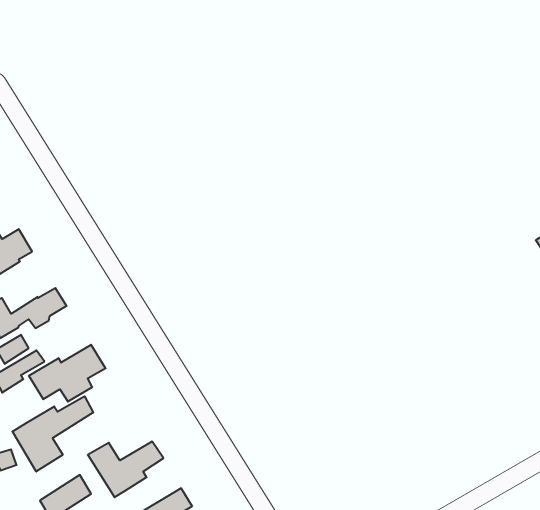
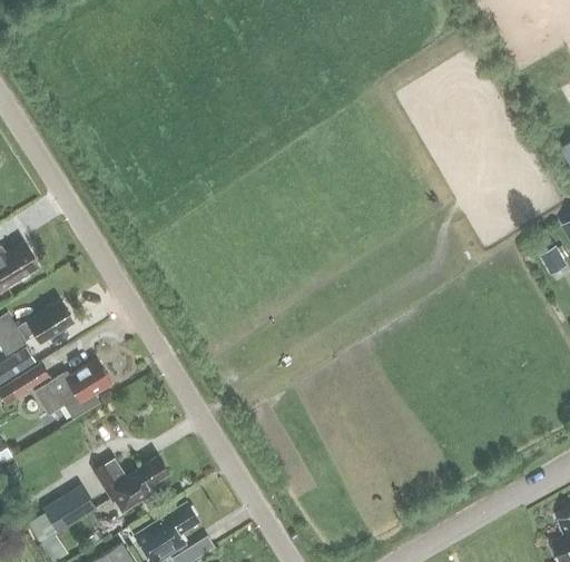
building: [12,396,93,472] -> none

